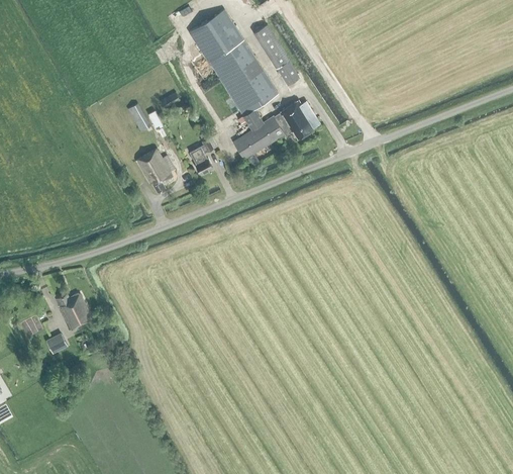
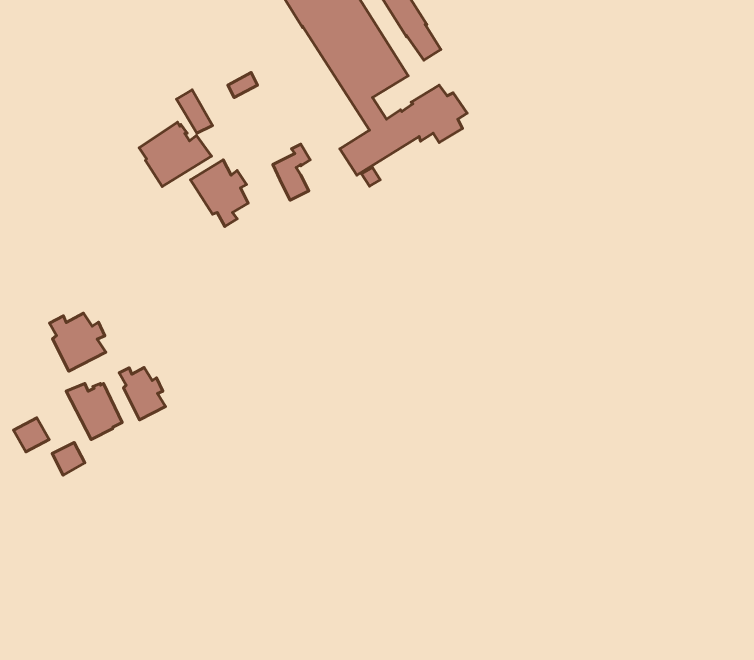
building: none -> [139,122,211,187]
building: none -> [49,313,106,371]
building: none -> [119,368,165,420]

